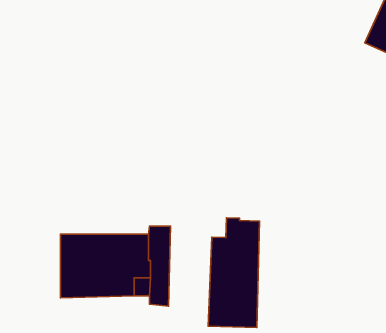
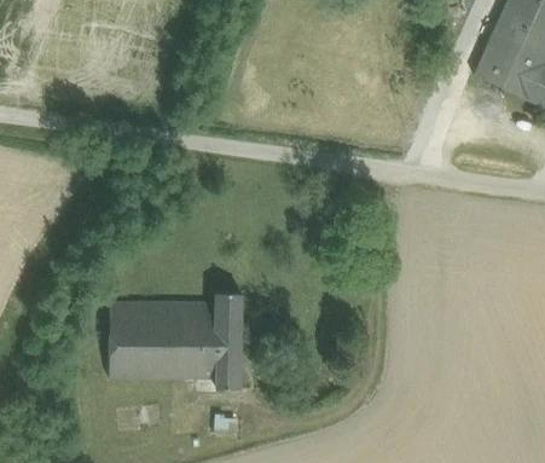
building: [208,218,260,328] -> none

